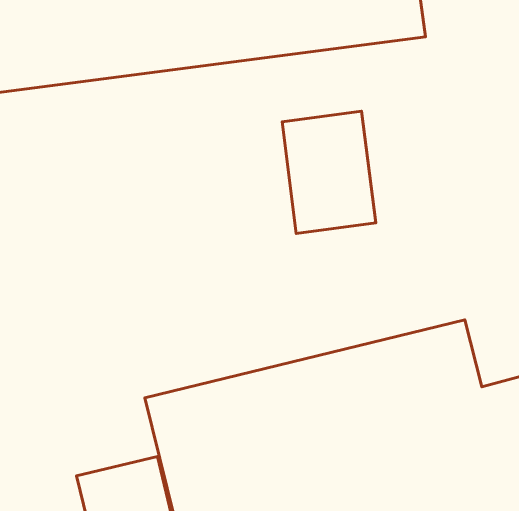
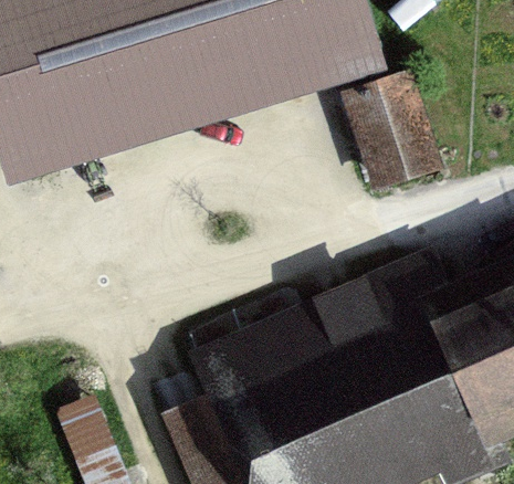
building: [282,111,376,233] -> [350,86,432,185]

